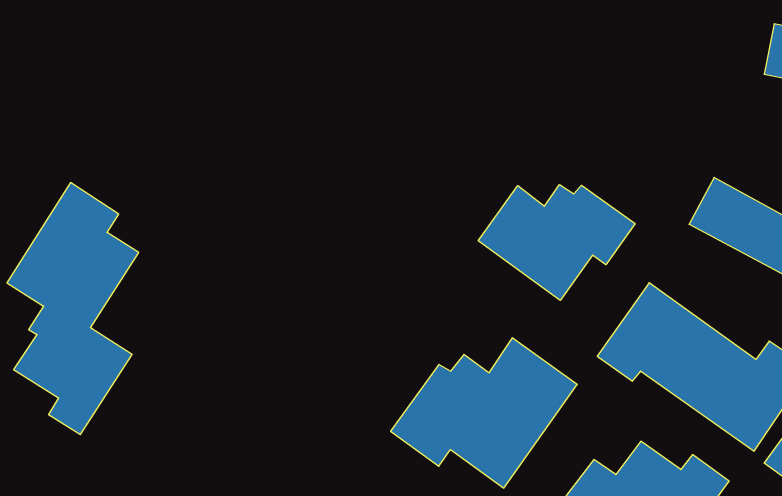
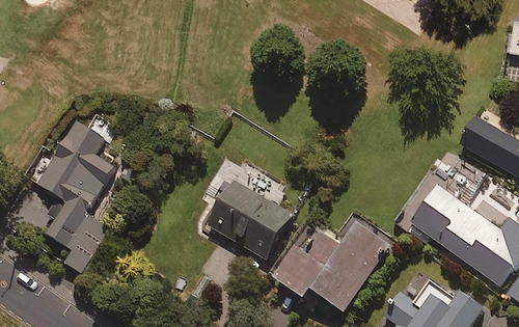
building: [478,185,635,300] -> none
building: none -> [206,178,290,256]

